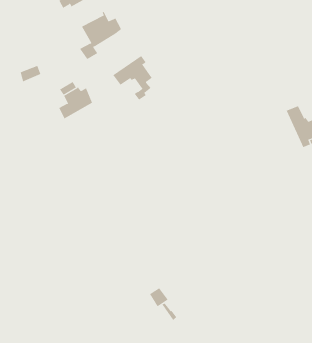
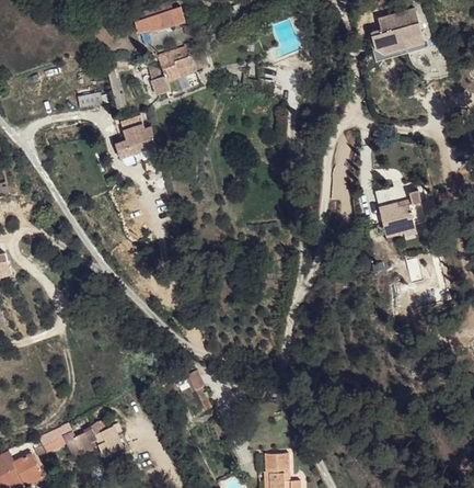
building: [113,55,152,101] -> none

